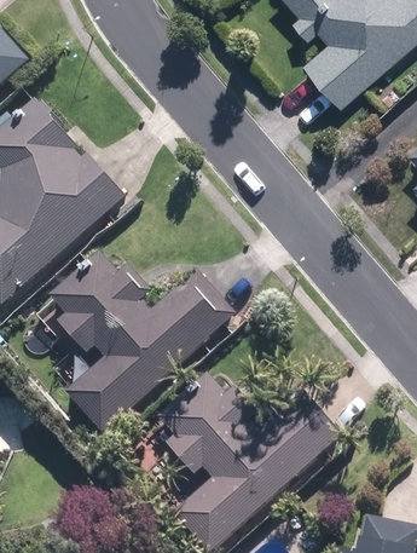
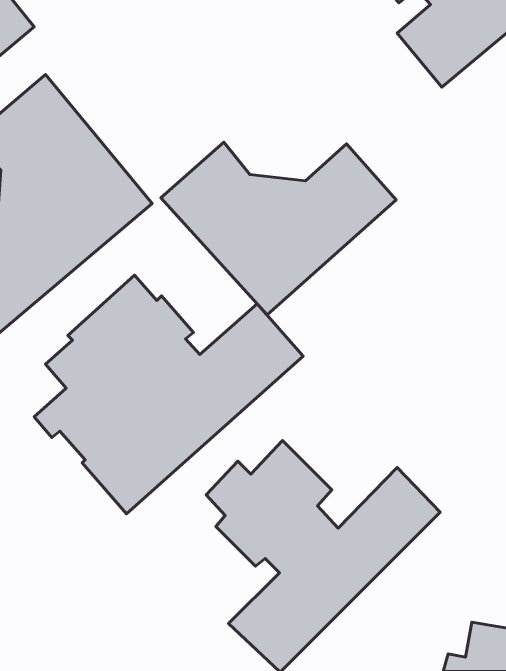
building: none -> [161,142,396,315]

